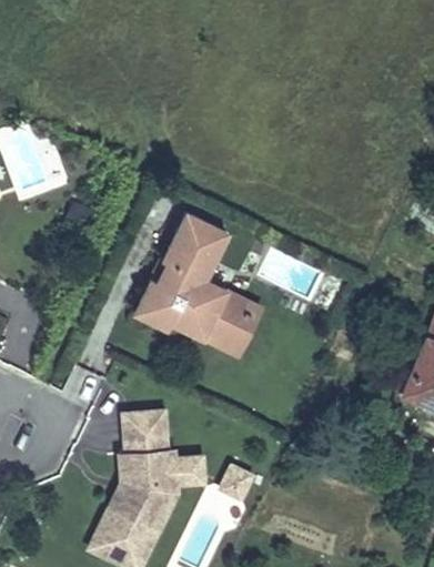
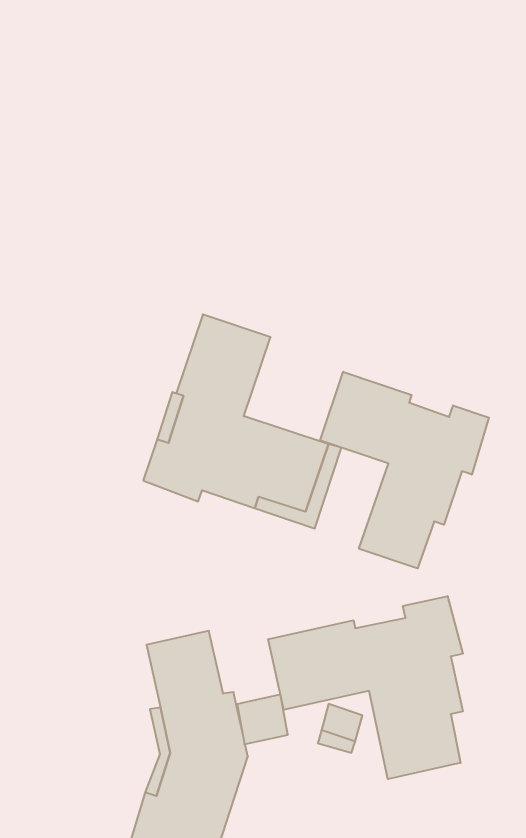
building: none -> [320,372,489,568]
building: none -> [268,596,463,779]

